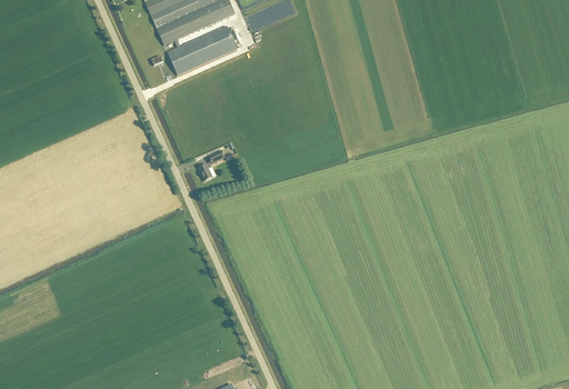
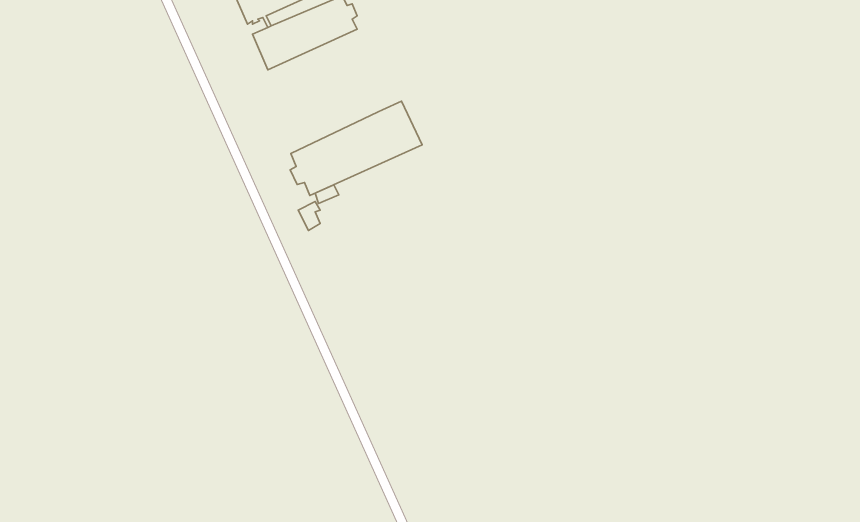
building: none -> [290,101,422,196]

